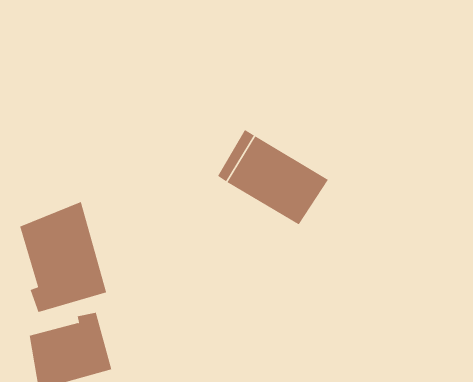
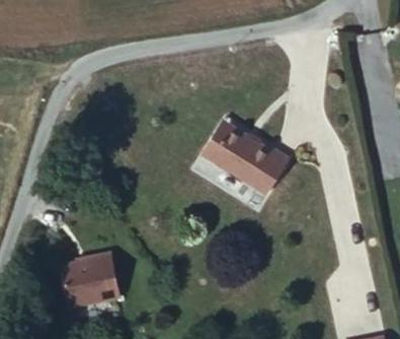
building: [19,201,107,313] -> none

